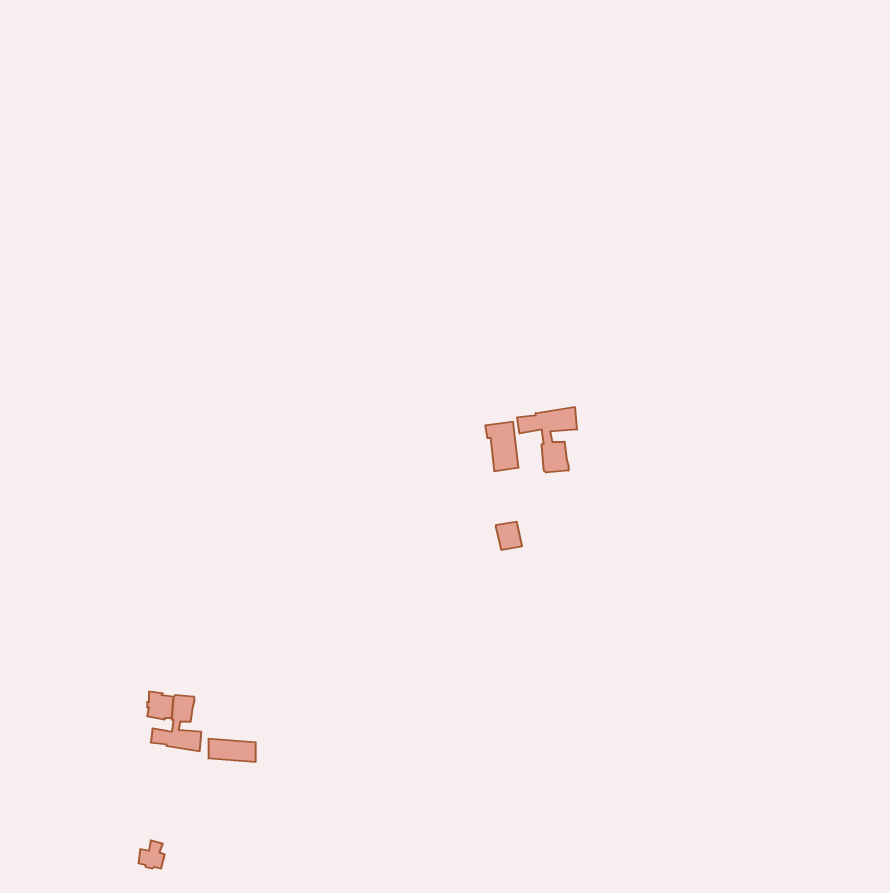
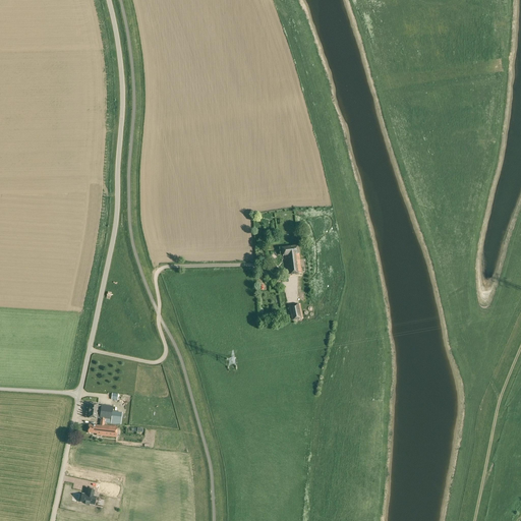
building: [517,407,577,473] -> none

